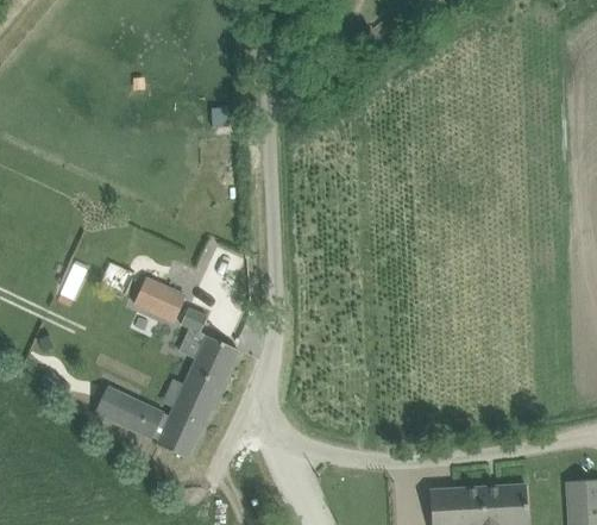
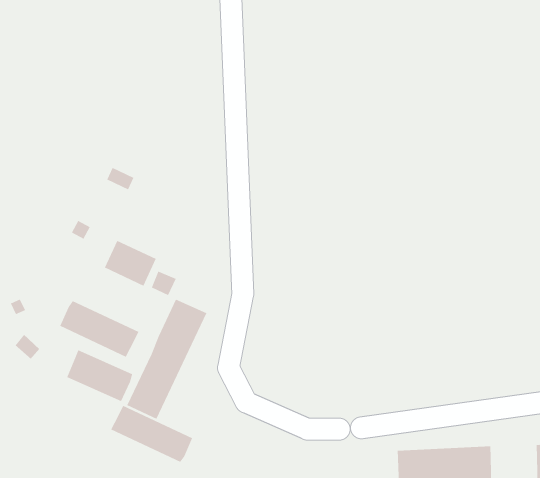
building: none -> [59,300,140,358]
building: none -> [110,405,193,463]

